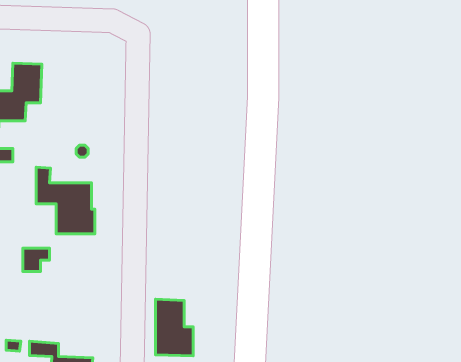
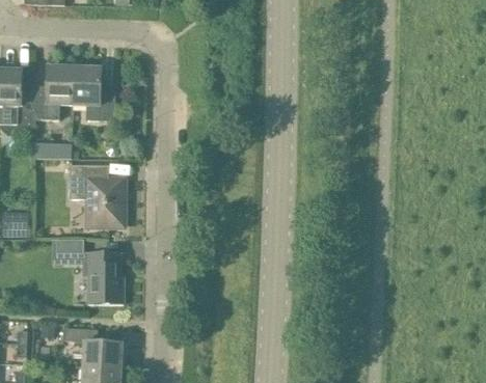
building: none -> [73,66,113,121]
building: [155,299,193,356] -> [87,250,123,303]

